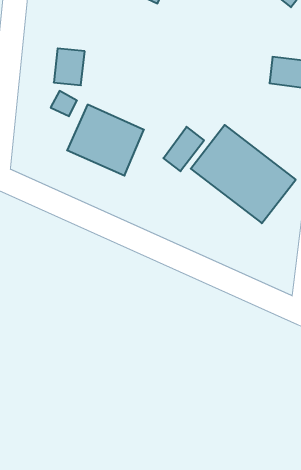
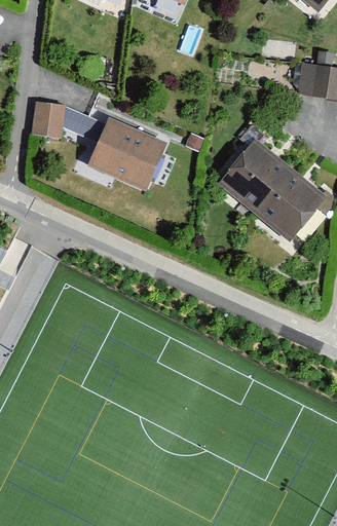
building: [54,48,85,85] -> [32,100,65,139]
building: [163,127,204,171] -> none

